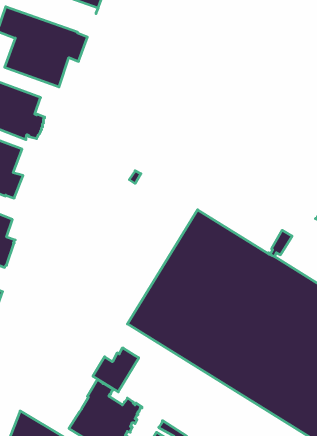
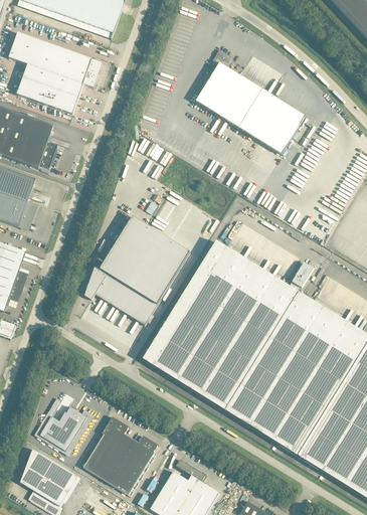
building: none -> [195,48,305,154]
building: none -> [83,215,189,324]
building: [93,348,139,392] -> [39,405,86,451]

